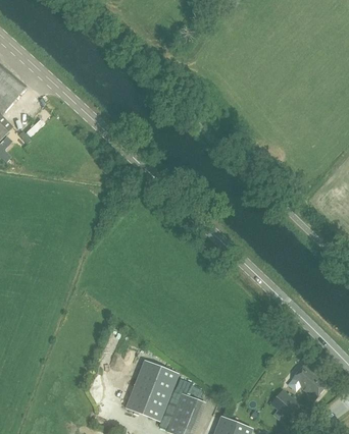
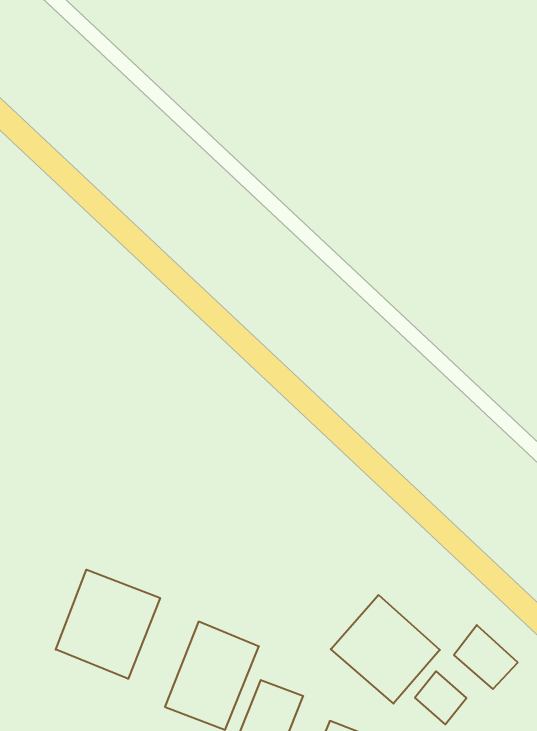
building: none -> [56,570,160,679]
building: none -> [331,595,440,704]

